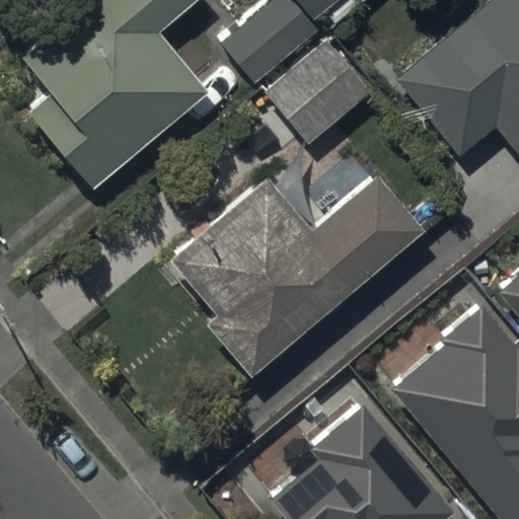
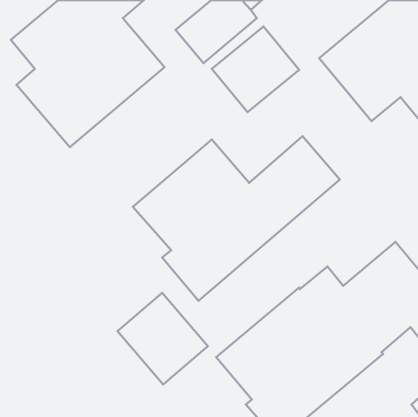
building: none -> [118,293,208,385]

